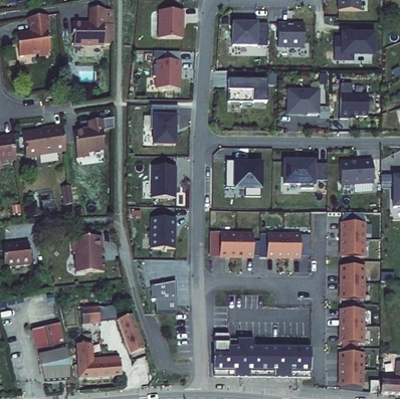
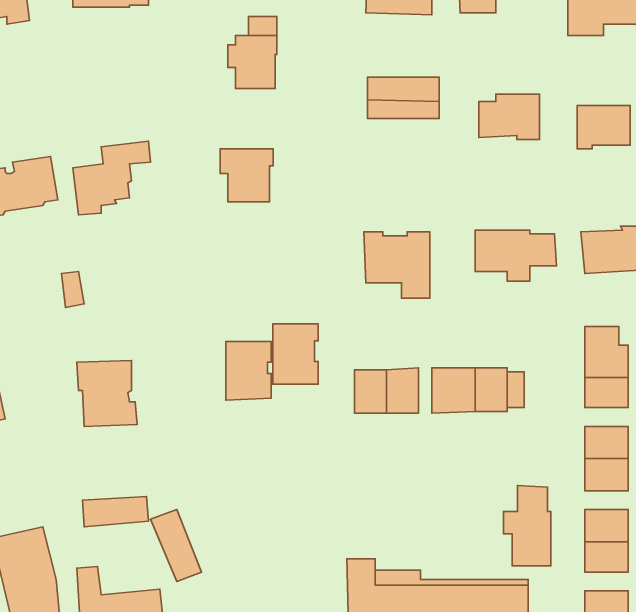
building: [153,169,177,201] -> [273,324,318,384]
building: [153,284,179,318] -> none
building: none -> [503,485,551,566]

